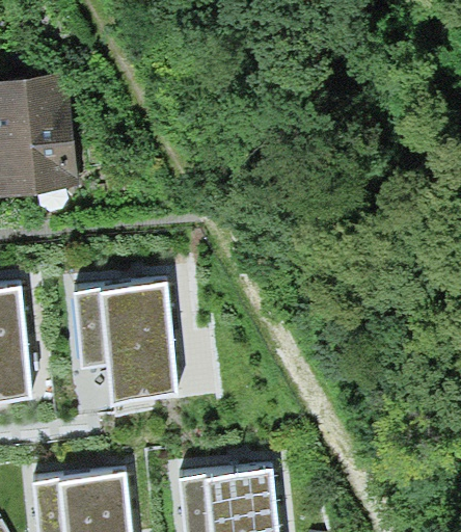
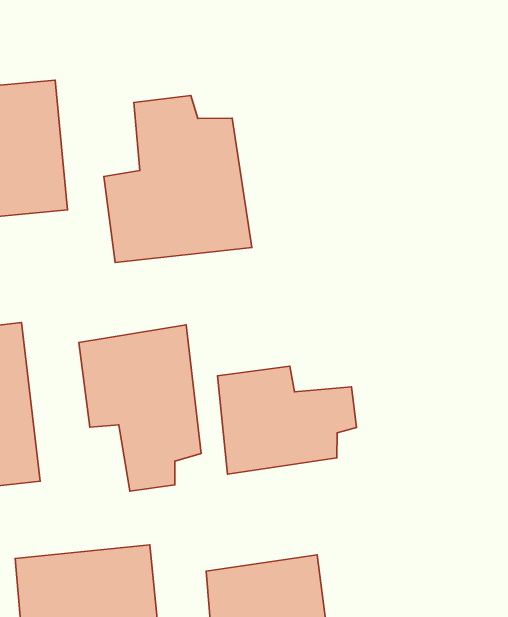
building: none -> [104,95,252,262]
building: none -> [217,366,357,474]

